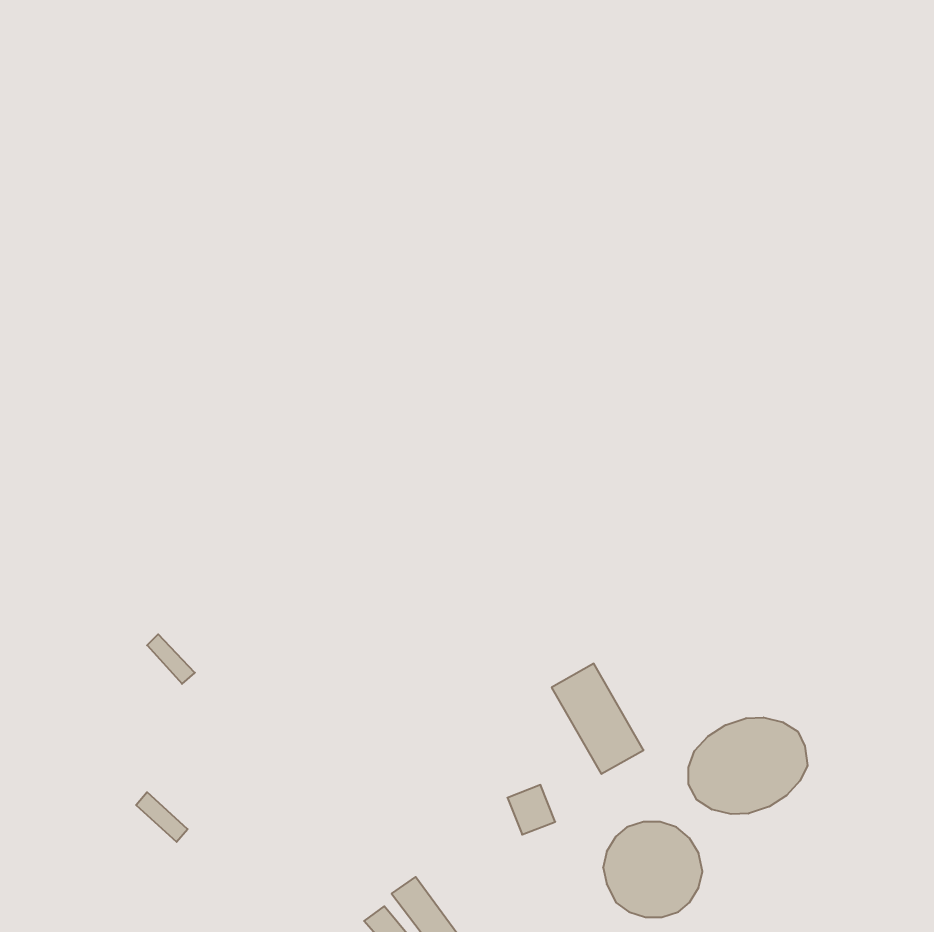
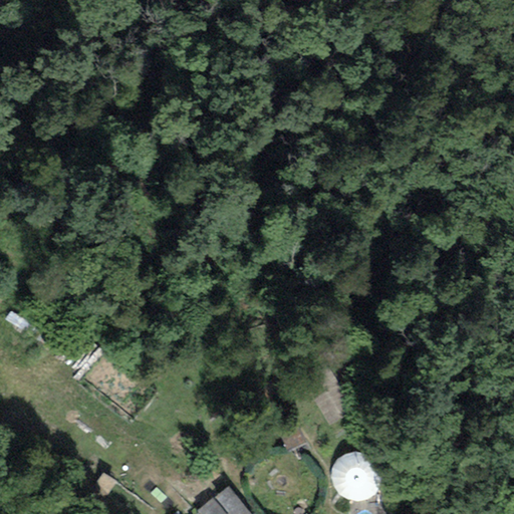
building: [688,717,807,814] -> none

